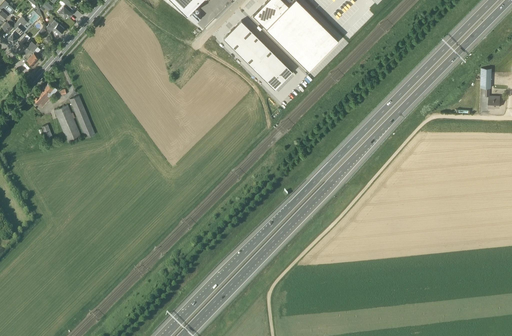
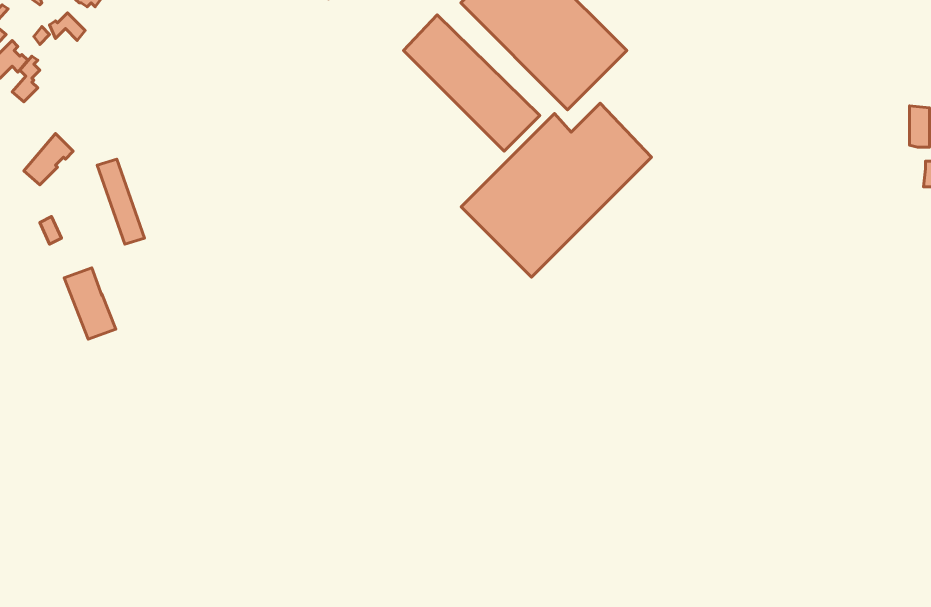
building: none -> [461,103,652,277]
building: [54,105,80,141] -> [64,268,116,339]

